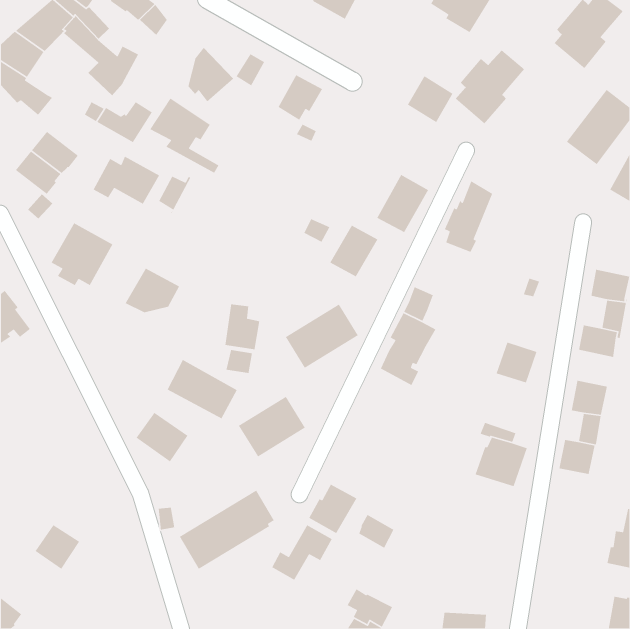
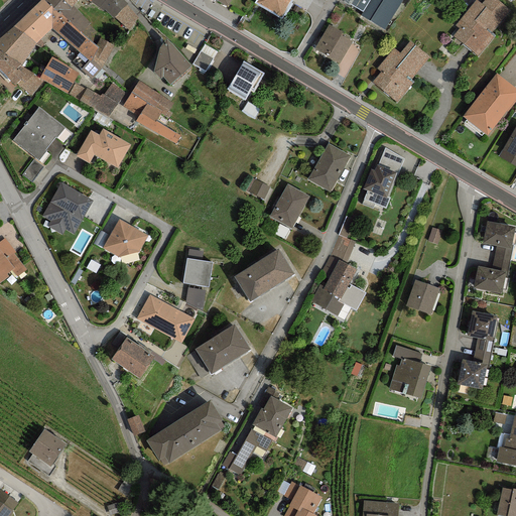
building: none -> [39,56,79,93]
building: [407,75,454,123] -> [314,23,353,62]
building: [158,176,192,214] -> none
building: none -> [337,283,365,309]
building: [358,514,395,549] -> none

